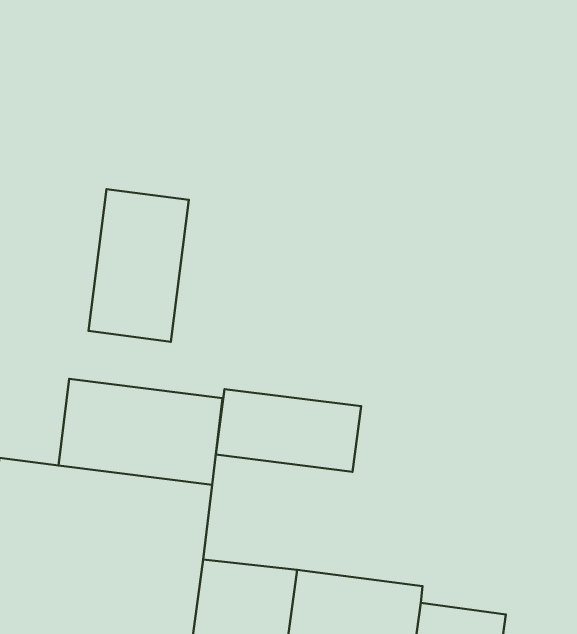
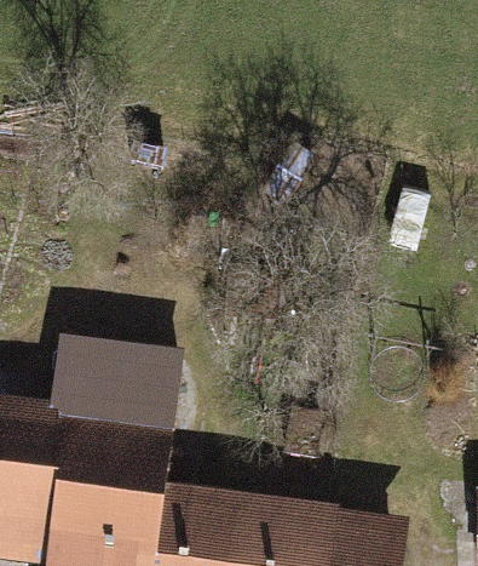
building: [89,189,189,342] -> none
building: [216,389,361,472] -> none

